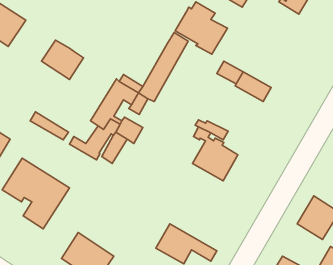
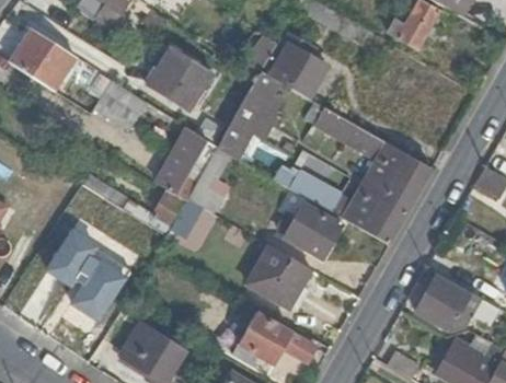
building: none -> [148,50,211,114]
building: none -> [344,143,430,243]
building: none -> [246,244,311,307]

